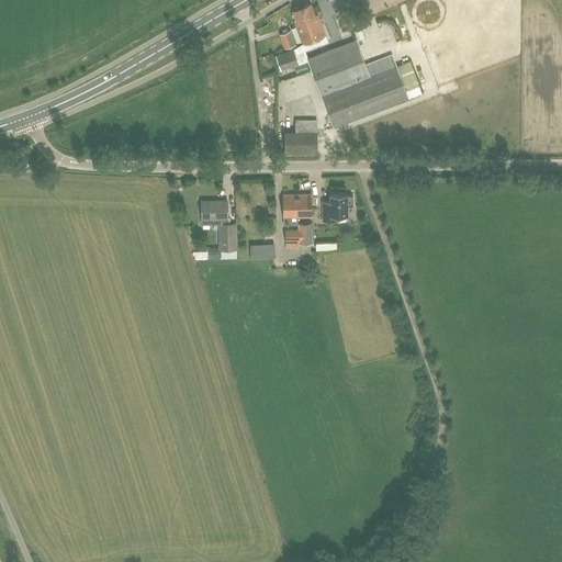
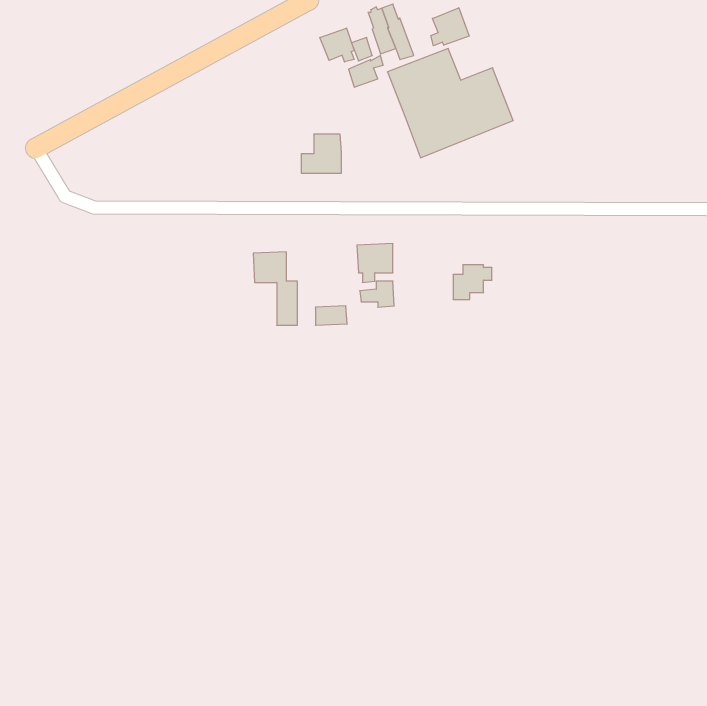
building: none -> [431,8,469,46]
building: none -> [320,28,354,62]
building: [285,121,317,151] -> [301,134,341,173]
building: [323,194,353,222] -> [453,265,492,299]

